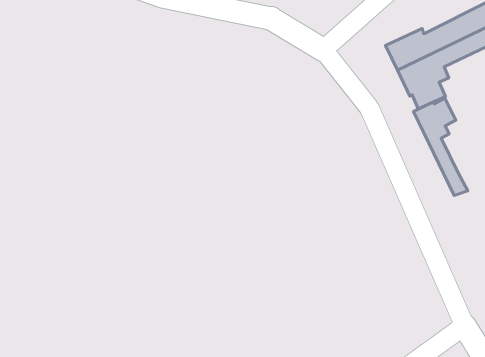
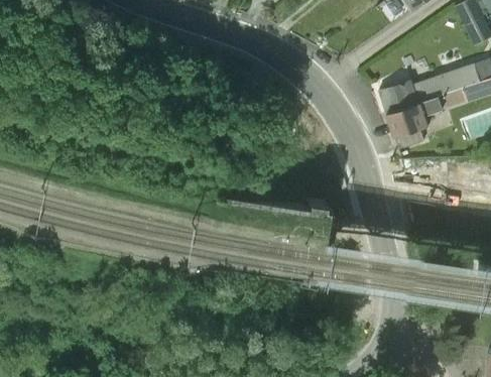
building: [414,98,468,196] -> none

